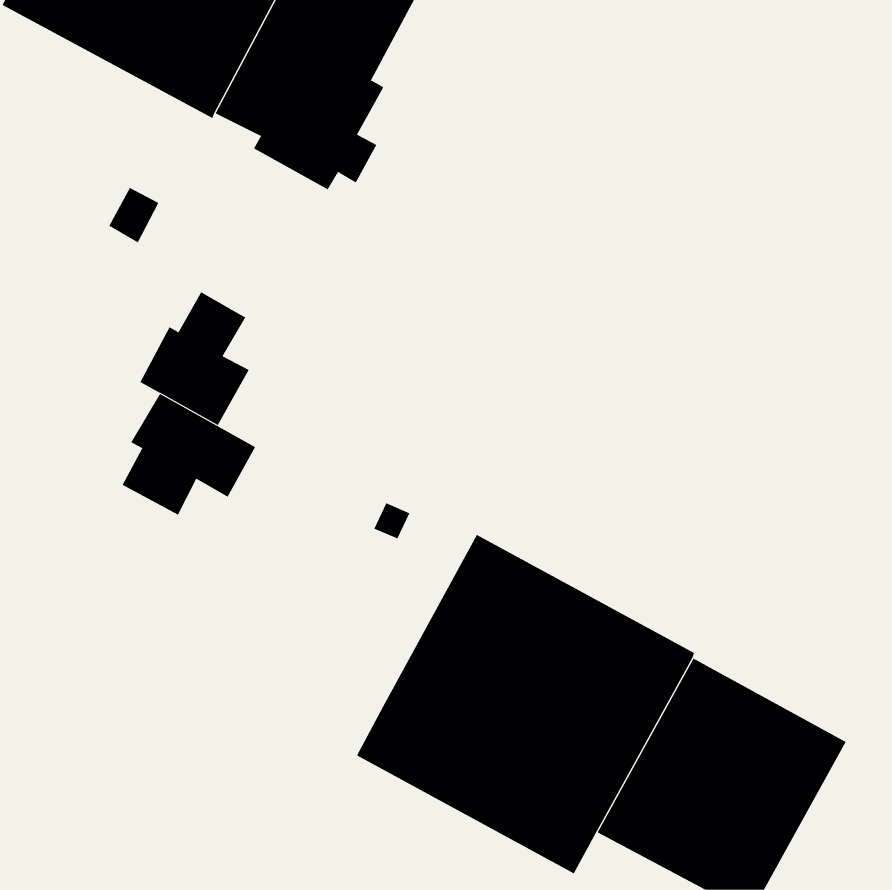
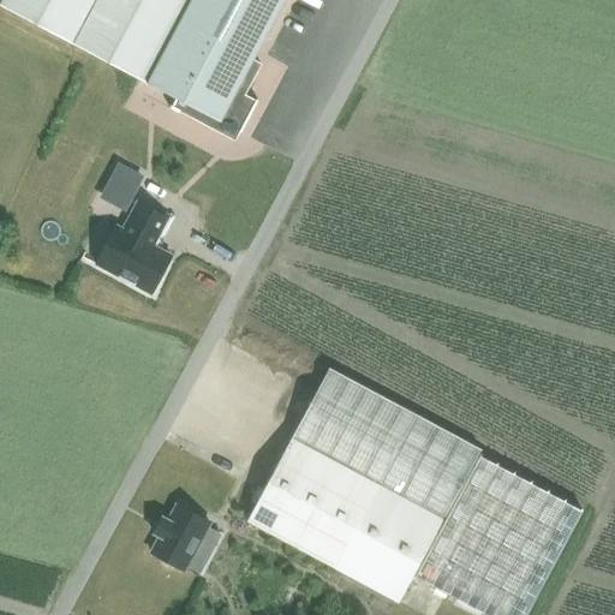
building: [109,187,159,243] -> [105,162,139,201]
building: [122,393,256,515] -> none
building: none -> [153,500,213,565]

